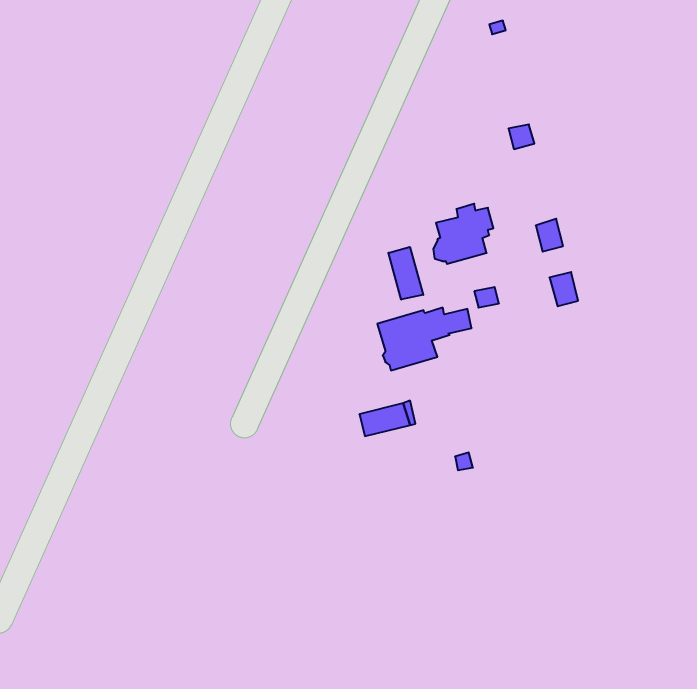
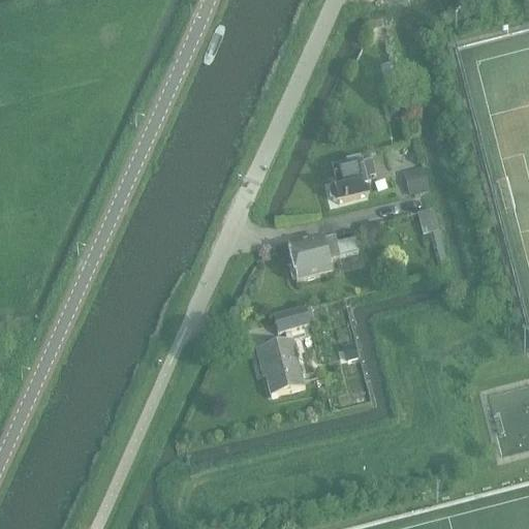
building: [388,247,423,300] -> none
building: none -> [256,337,305,393]

